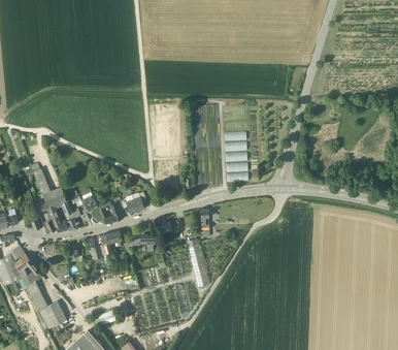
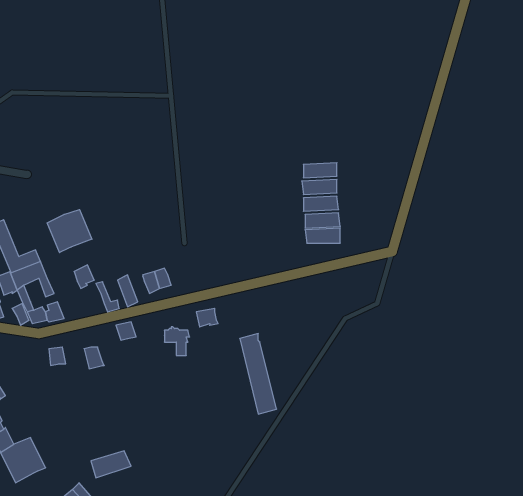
building: none -> [47,210,92,253]

